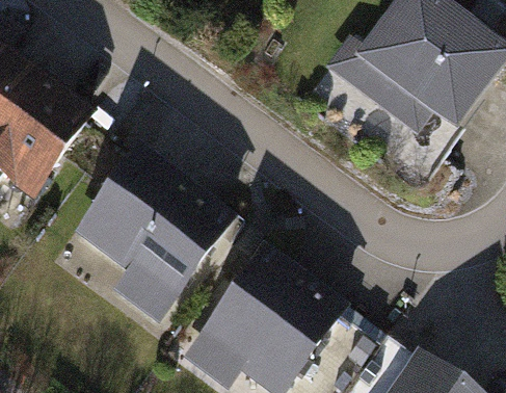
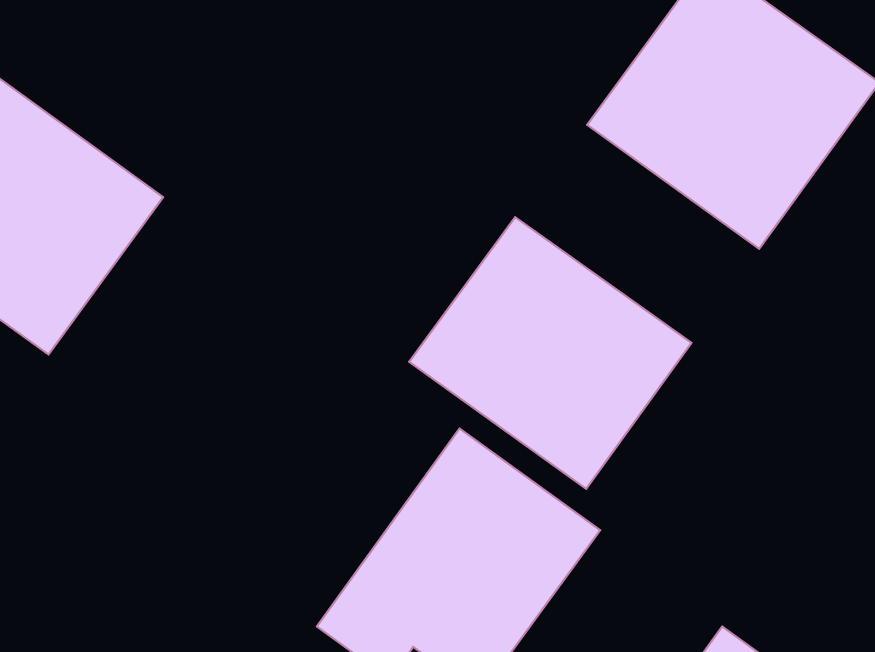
building: none -> [409,217,691,489]
building: [72,145,232,317] -> none

